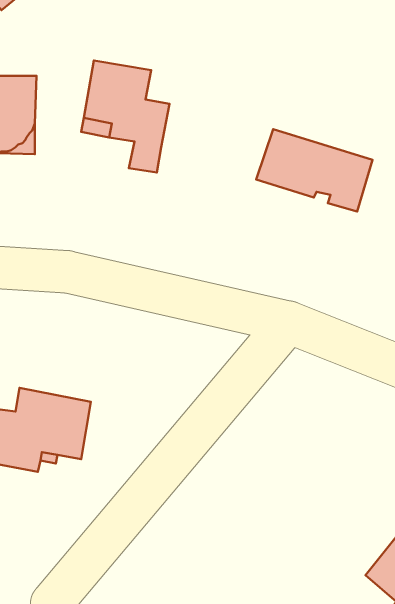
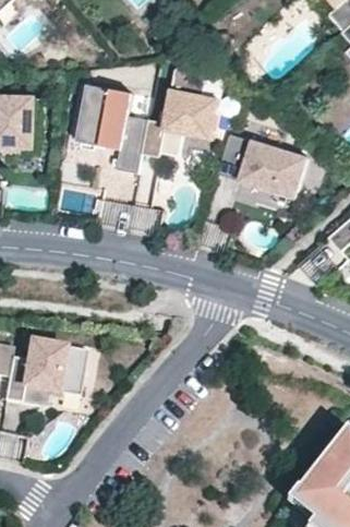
building: none -> [141,61,219,156]

